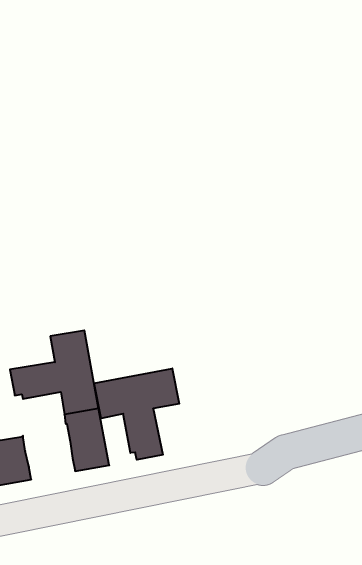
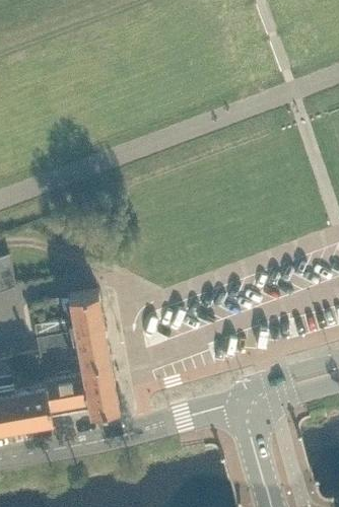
building: [94,368,179,460] -> none
building: none -> [45,378,88,415]

